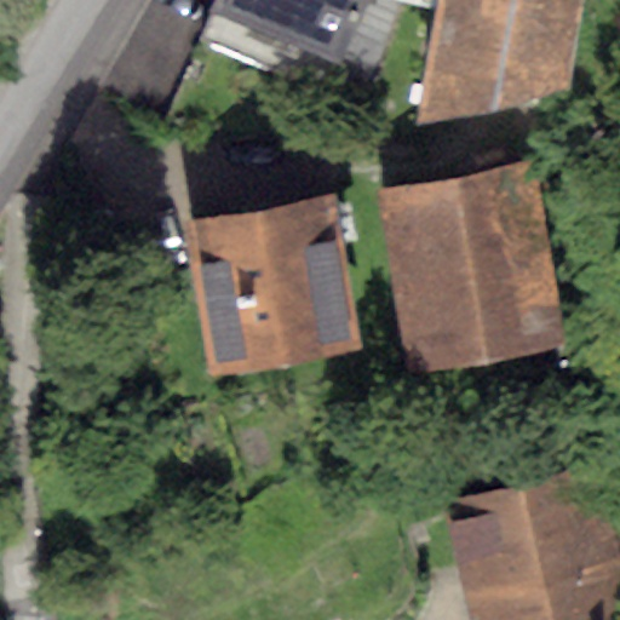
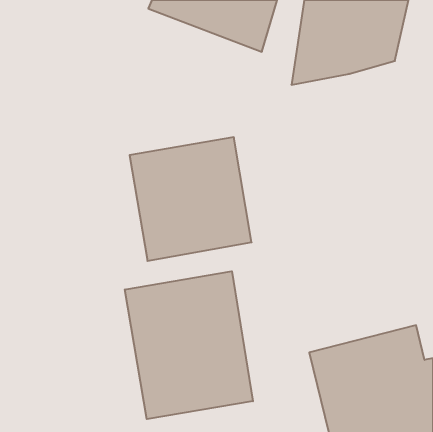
building: [379,162,566,373] -> none
building: none -> [125,271,253,419]

